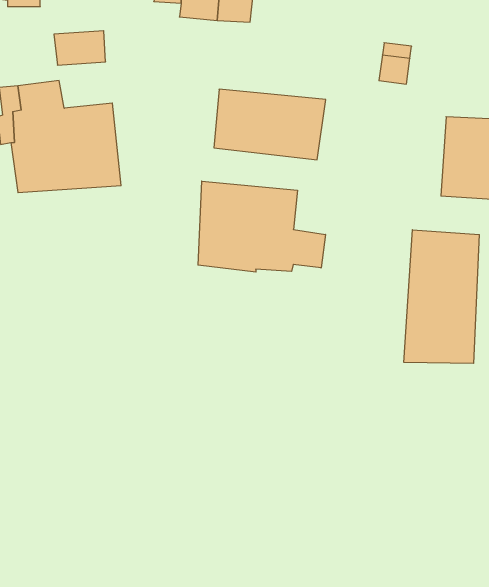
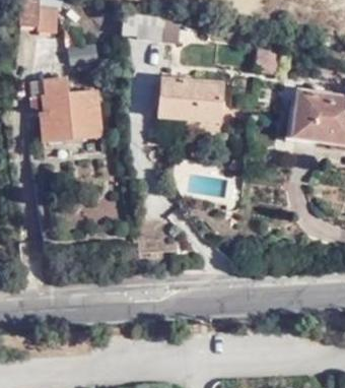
building: [198,181,325,272] -> none
building: [404,230,479,363] -> none

